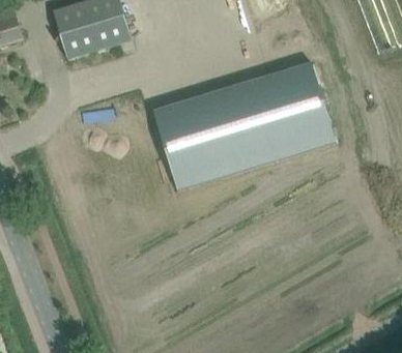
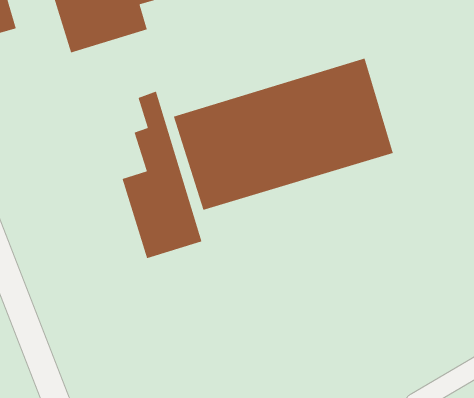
building: none -> [122,91,203,259]

